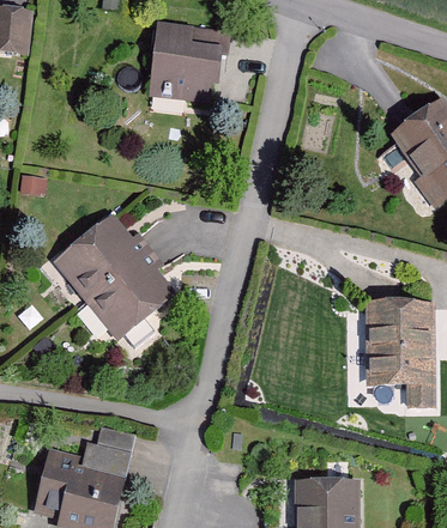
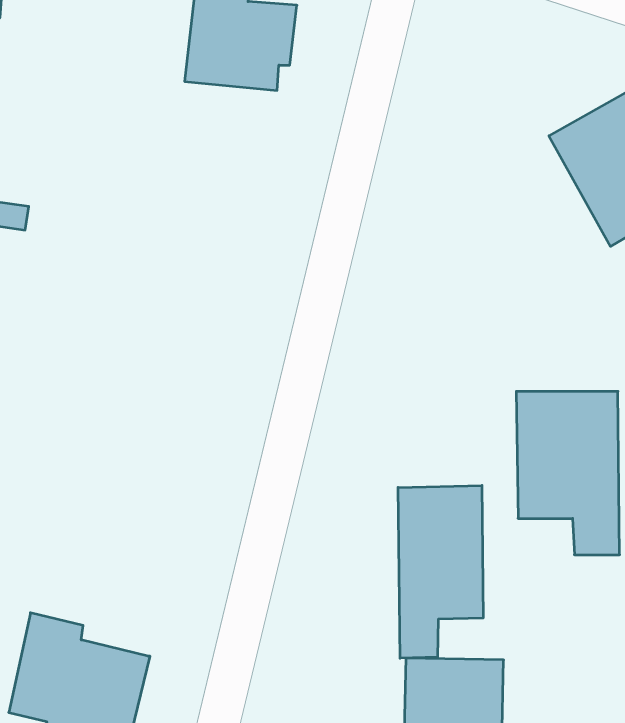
building: [43,214,176,350] -> none
building: none -> [398,485,483,658]
building: [80,425,134,474] -> none

